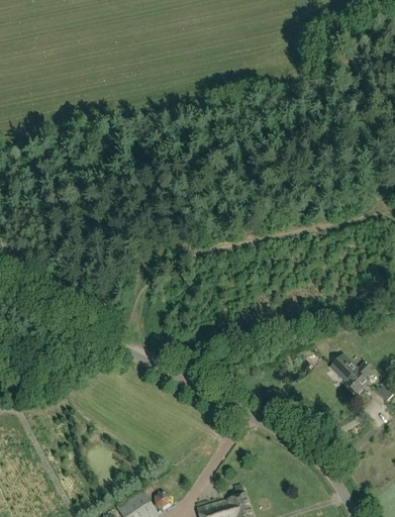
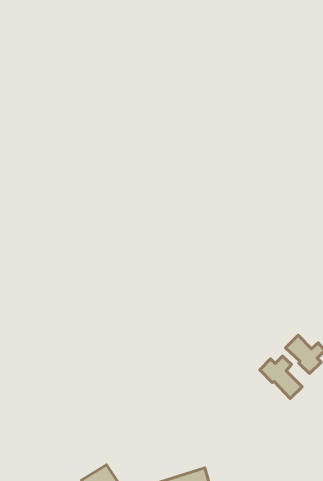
building: none -> [260,356,302,399]

